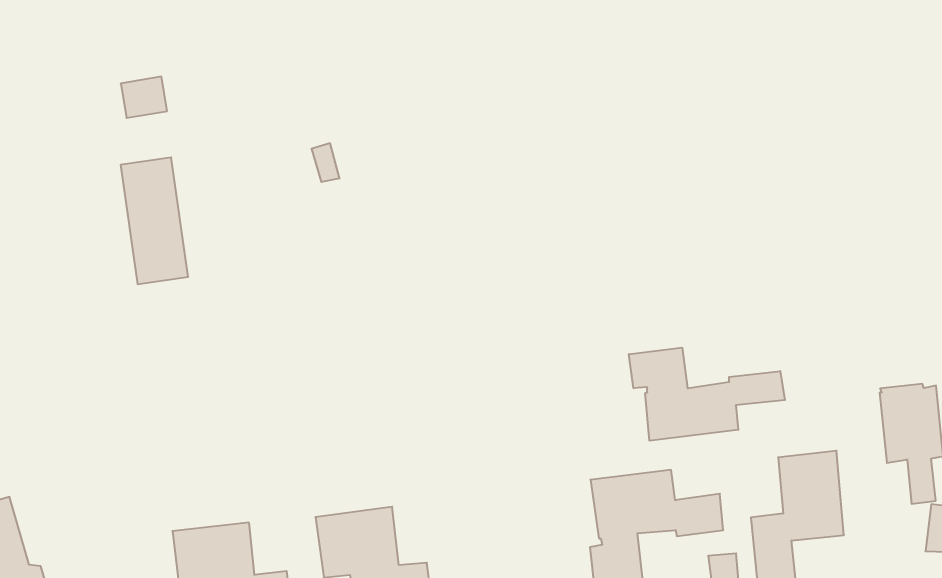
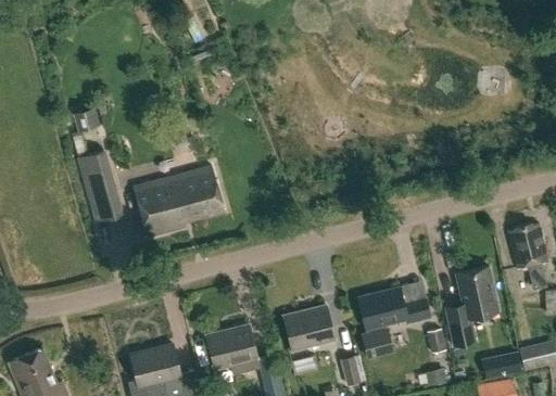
building: none -> [134,165,225,237]
building: [629,348,785,441] -> none
building: none -> [285,307,334,350]

